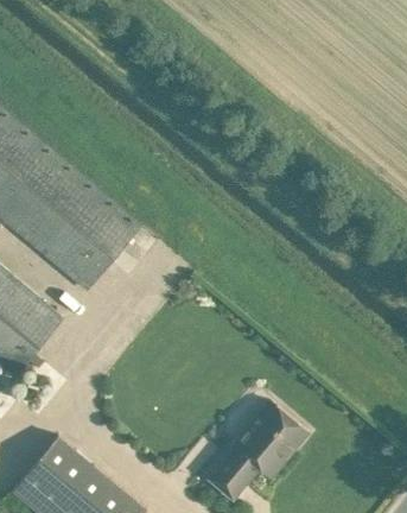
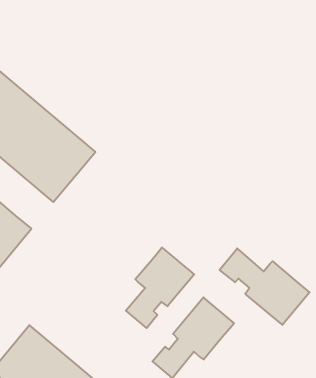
building: none -> [126,247,194,328]
building: none -> [220,248,310,325]

